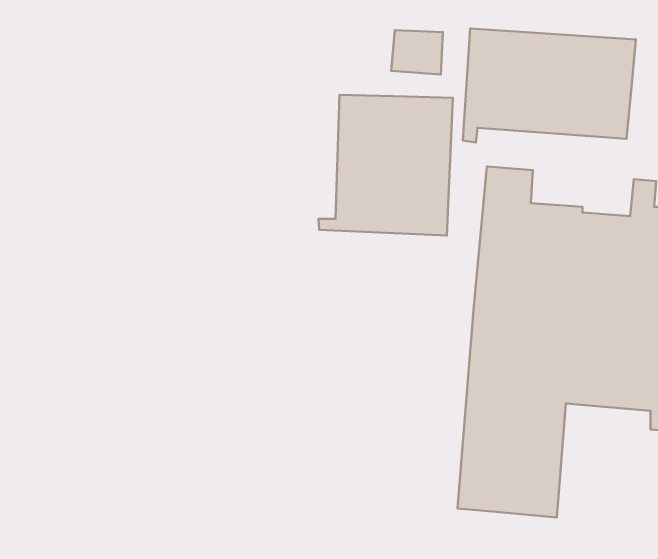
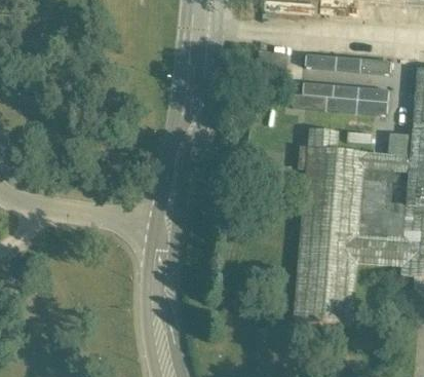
building: [319,95,453,235] -> none

